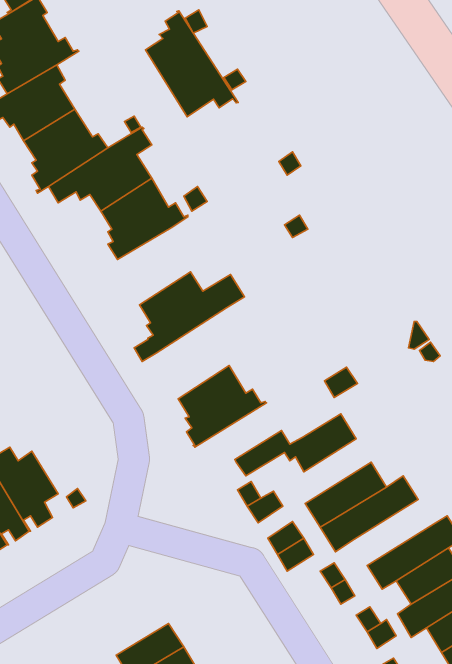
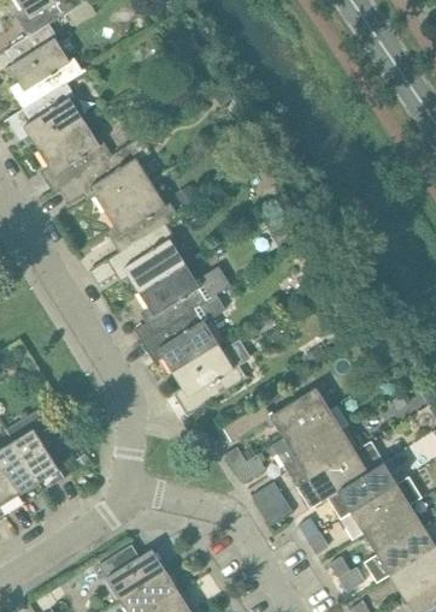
building: [145,11,238,117] -> none
building: none -> [90,225,184,292]
building: none -> [139,295,224,374]
building: none -> [271,409,342,465]
building: none -> [325,462,396,519]
building: none -> [99,543,167,598]

